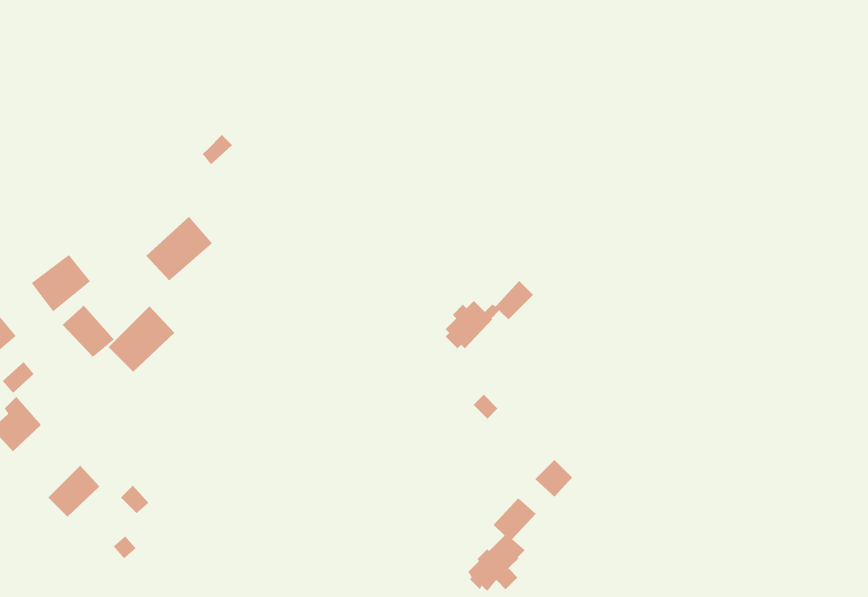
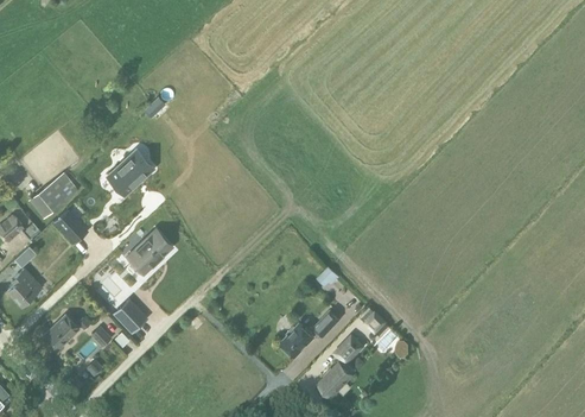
building: [445,280,534,349] -> [281,308,339,353]
building: [108,305,175,373] -> [127,227,171,271]
building: none -> [114,297,148,330]

